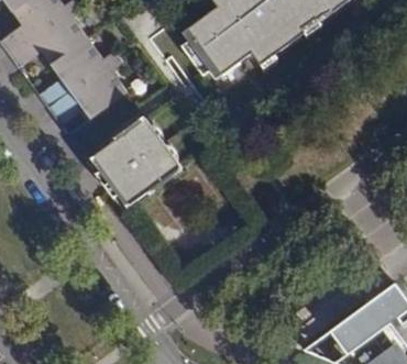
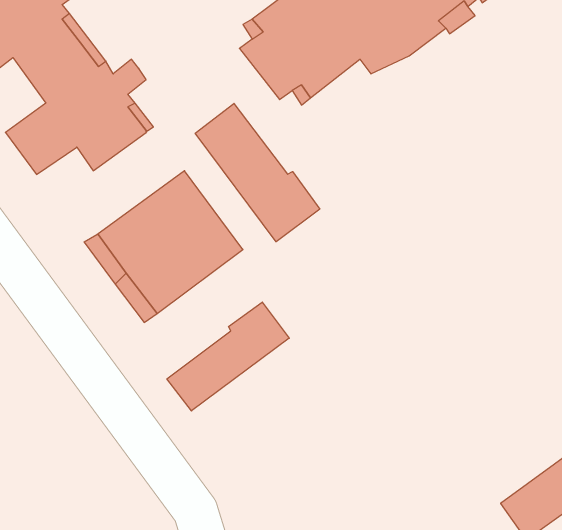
building: none -> [195,103,320,242]
building: none -> [167,302,289,411]

